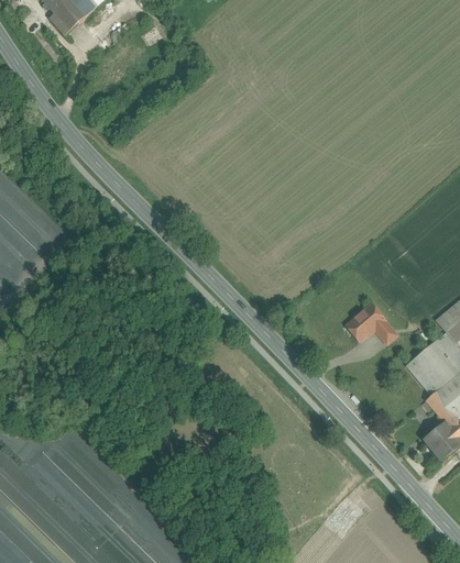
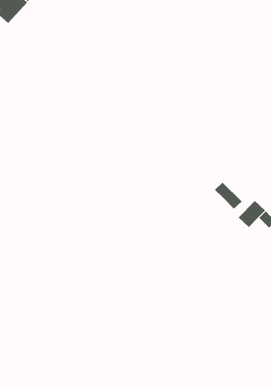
building: none -> [214,182,243,210]

